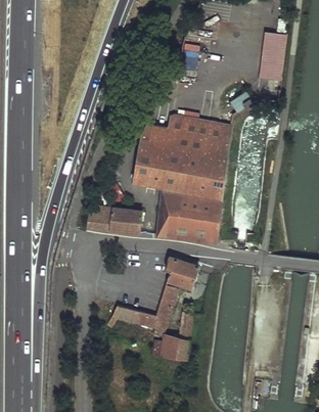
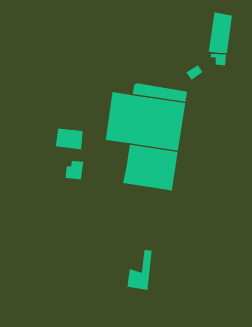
building: [108,209,142,235] -> [55,128,83,150]
building: [166,257,198,288] -> none
building: [106,286,179,336] -> none

